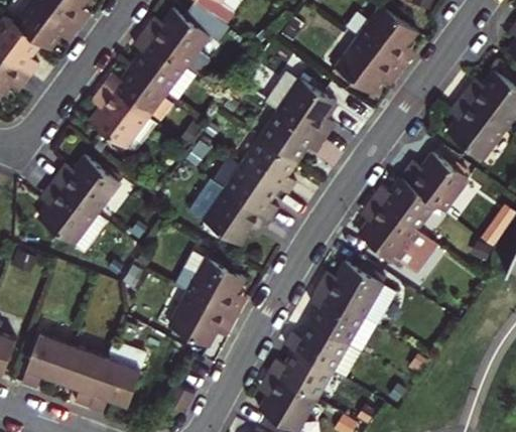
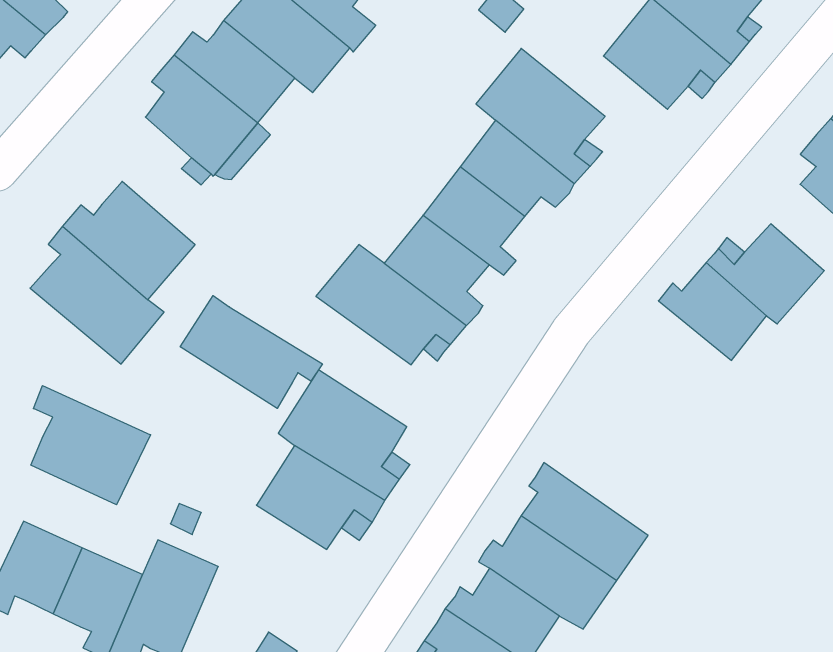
building: [359,197,435,273] -> none
building: none -> [180,296,322,408]
building: [316,259,394,323] -> none
building: none -> [31,386,151,505]

